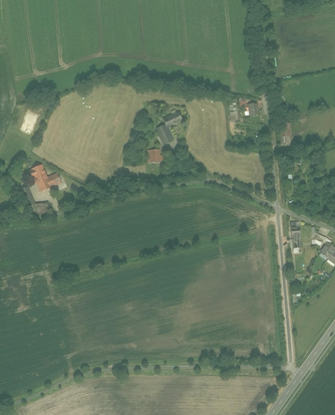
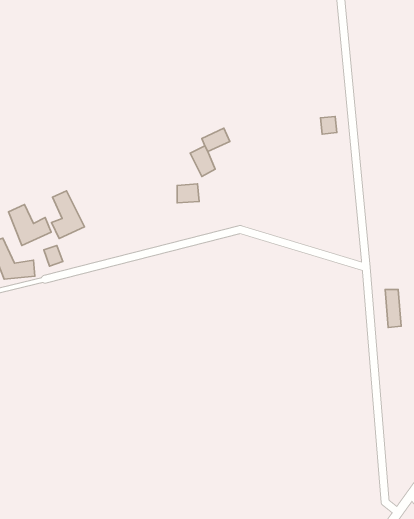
building: none -> [51,191,85,238]

